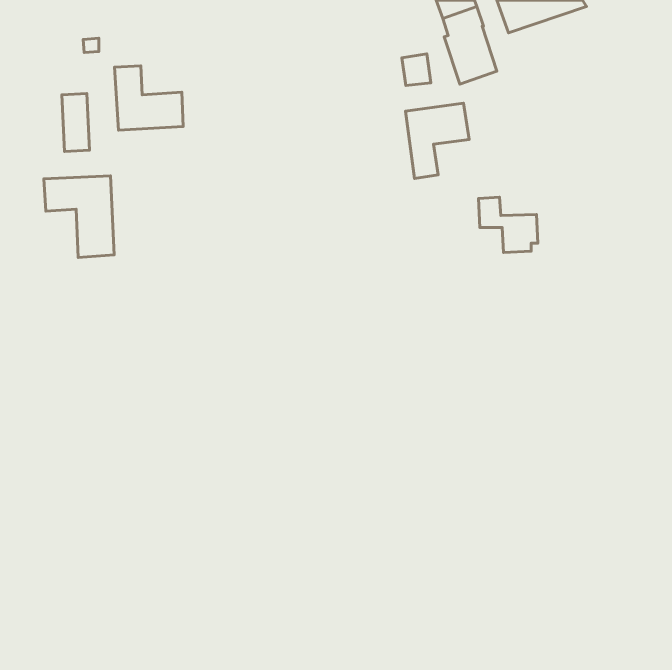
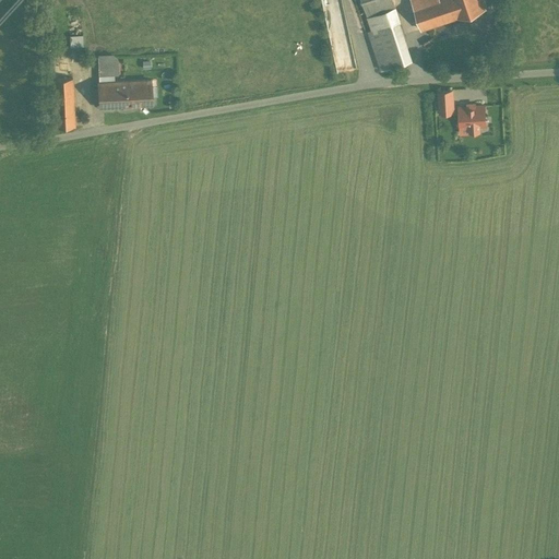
building: [405,103,469,178] -> none
building: [44,176,114,258] -> none
building: [479,197,538,253] -> [437,88,486,134]

